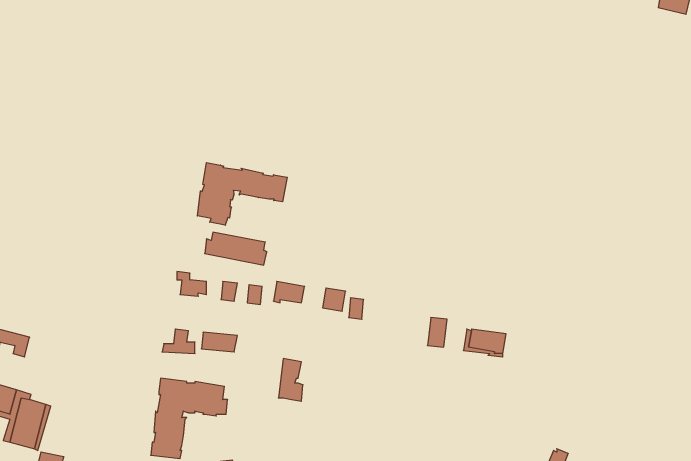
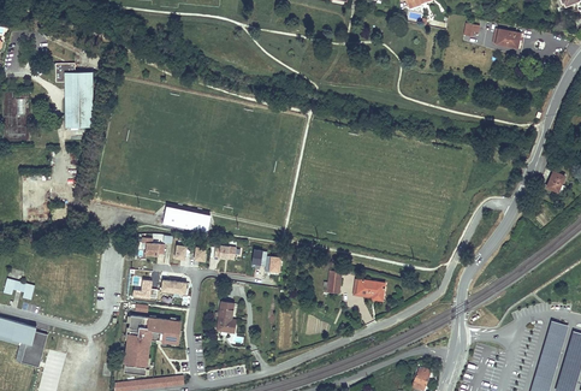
building: none -> [55,63,94,126]
building: [197,163,287,225] -> none

